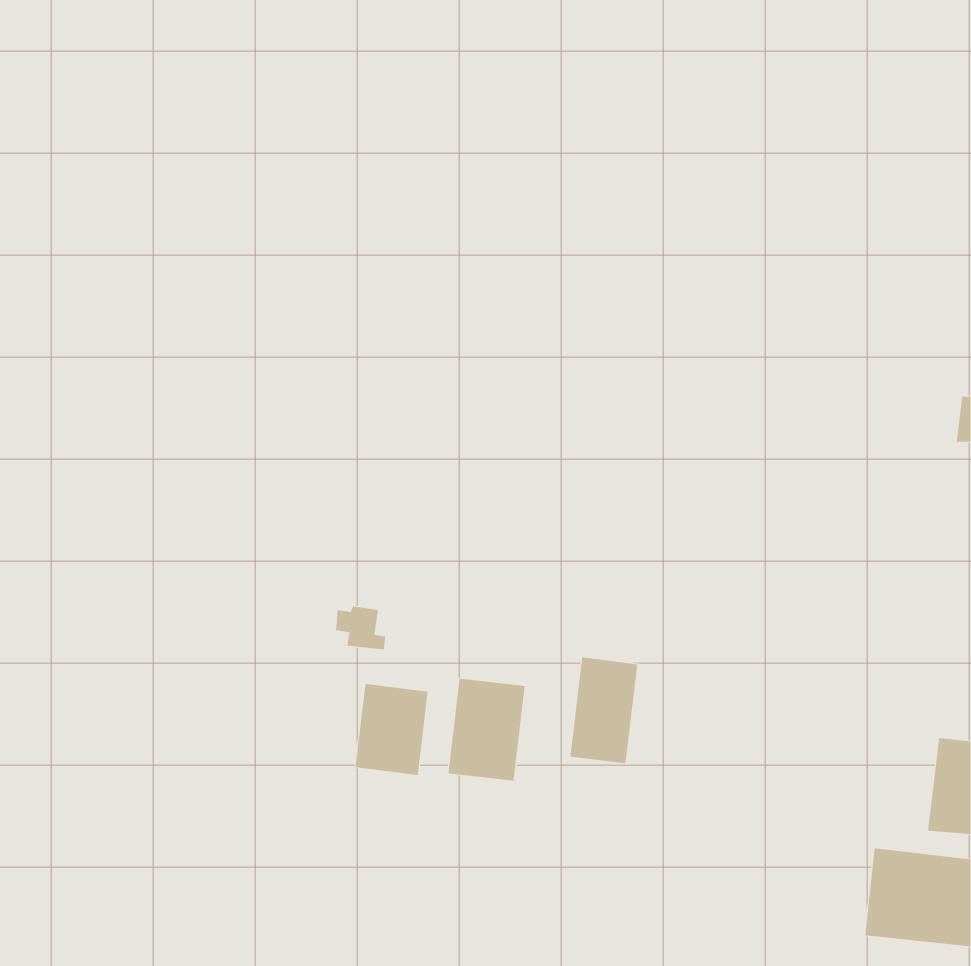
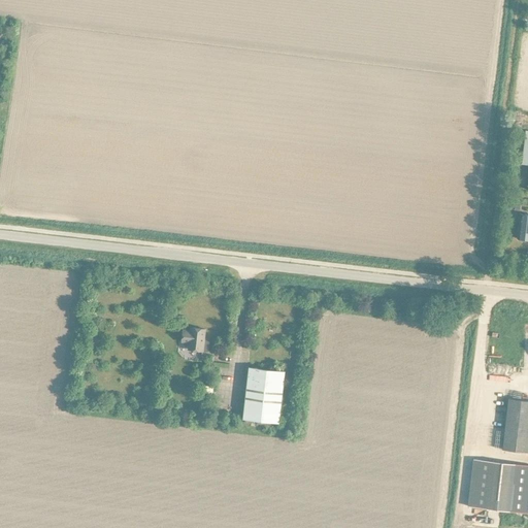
building: [570,657,638,764] -> none
building: [355,683,428,776] -> none

